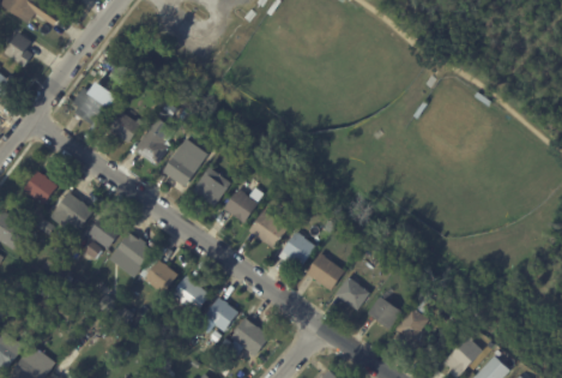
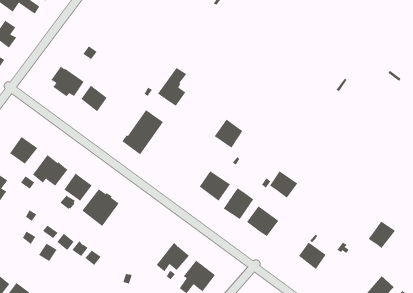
building: [133,118,169,164] -> [157,67,187,106]
building: [192,168,230,206] -> none
building: [222,188,256,223] -> [214,119,243,148]
building: [143,259,176,293] -> none
building: [170,276,209,313] -> none
building: [334,277,369,311] -> [269,170,298,199]
building: [394,307,428,341] -> [368,221,396,249]

